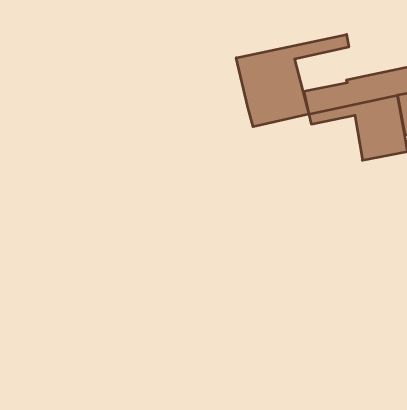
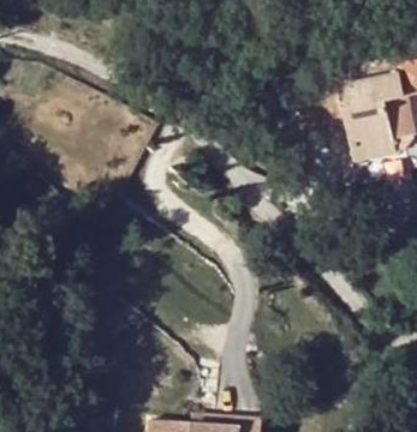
building: [236,34,349,127] -> none

